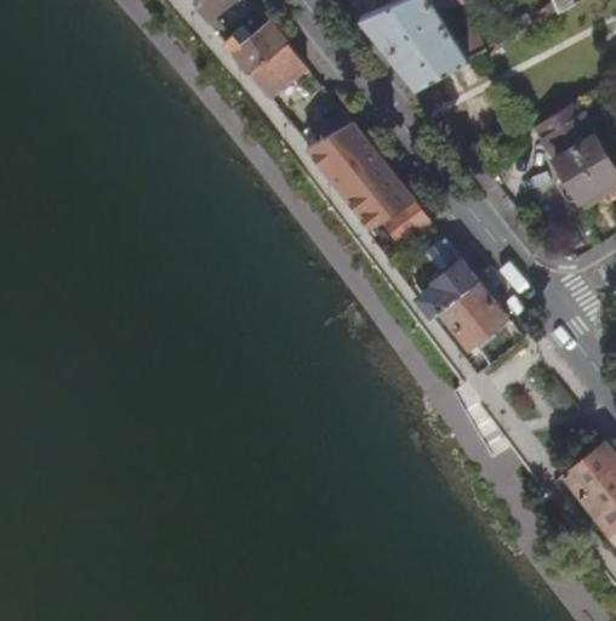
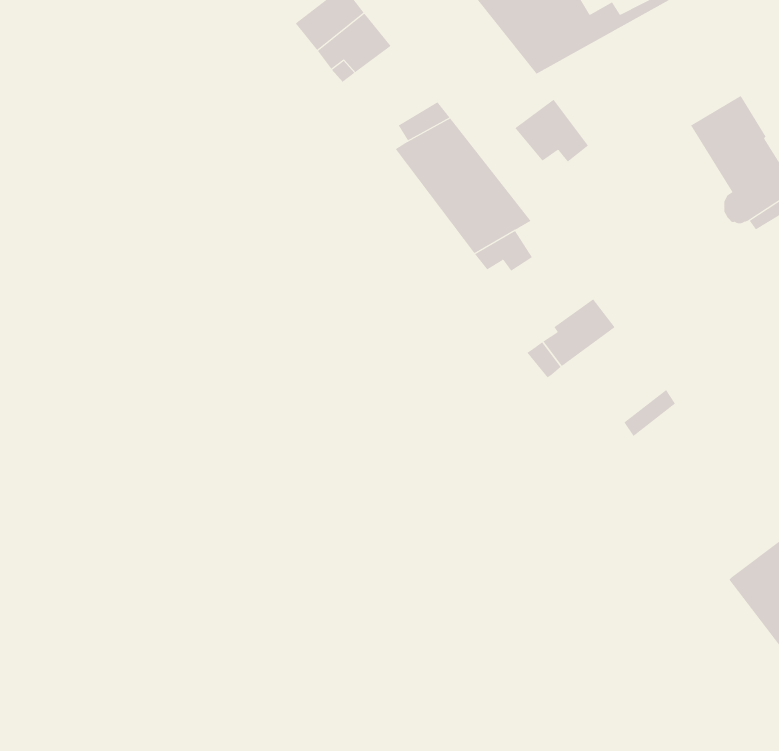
building: none -> [515,99,589,162]
building: [440,283,507,348] -> none

